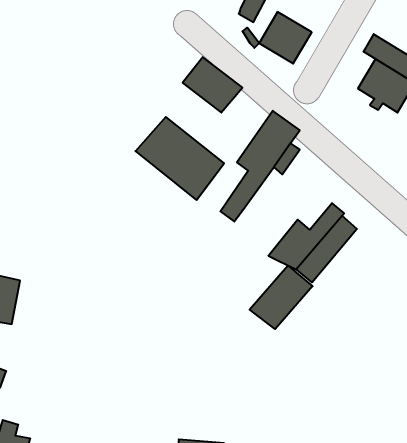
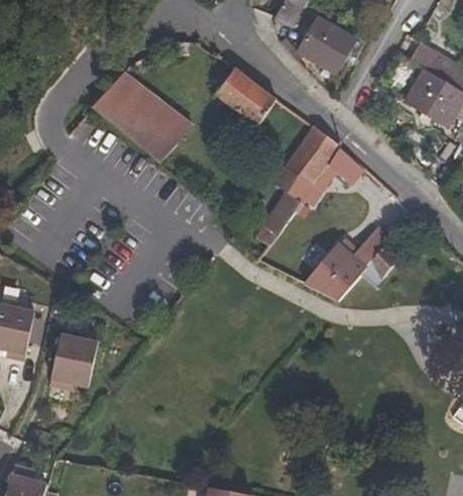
building: [135,117,224,200] -> [93,72,190,163]
building: [250,265,313,329] -> none
building: none -> [53,330,101,385]

